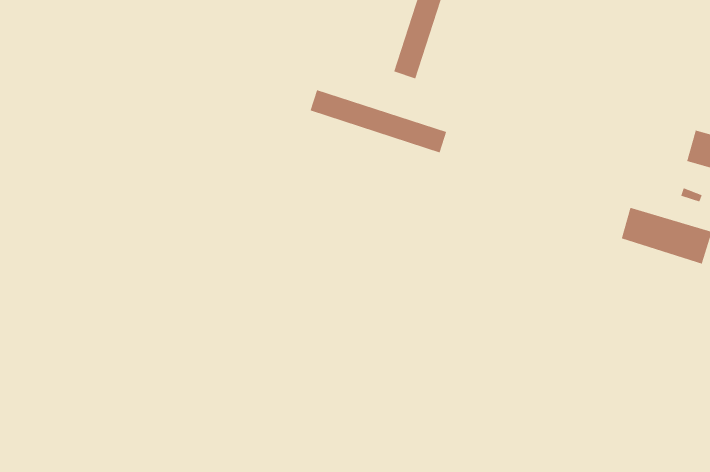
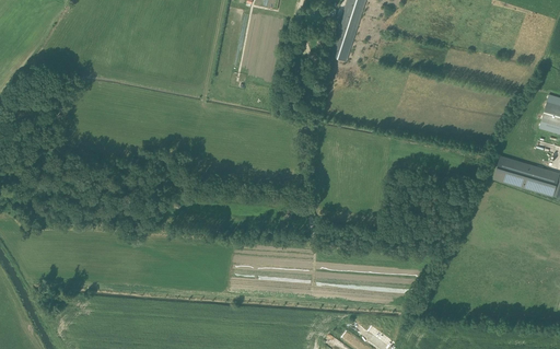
building: [310,89,447,153] -> none

